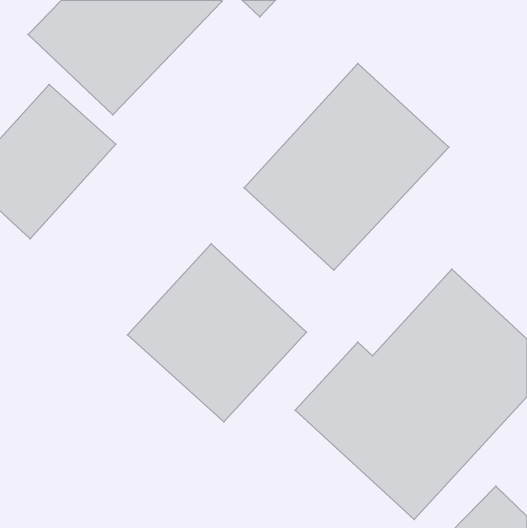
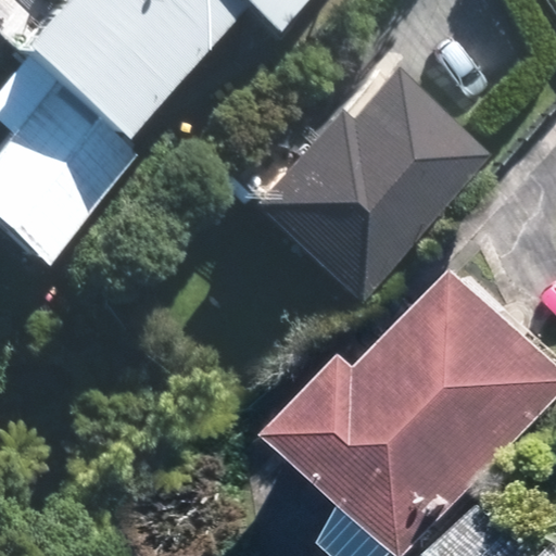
building: [128,244,307,422] -> none

